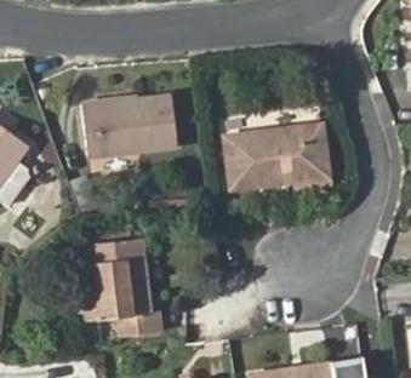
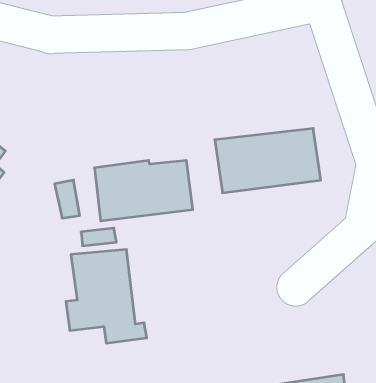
building: [82,97,177,155] -> [94,160,193,221]

